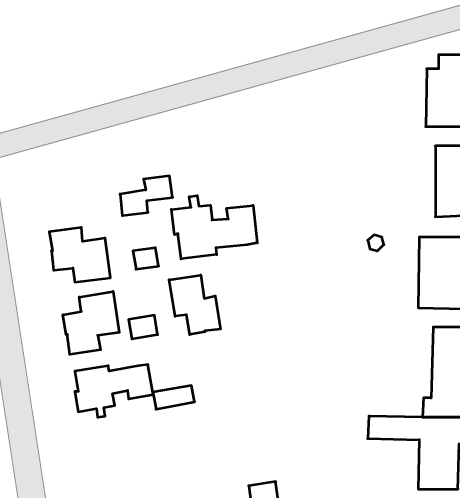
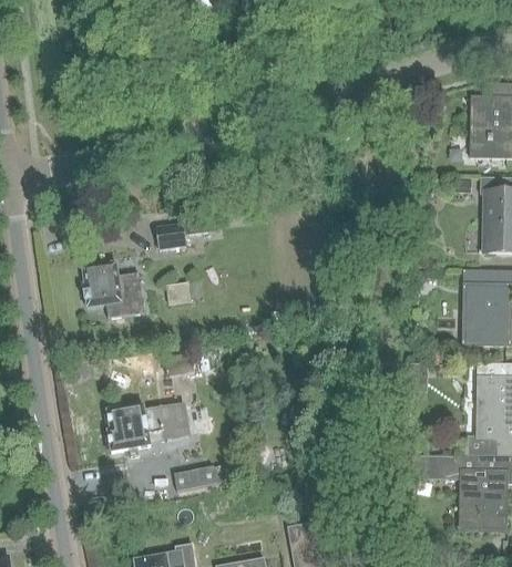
building: [171,196,257,259] -> none
building: [169,275,220,335] -> none
building: [63,291,119,354] -> none
building: [153,386,195,409] -> [174,467,217,492]

